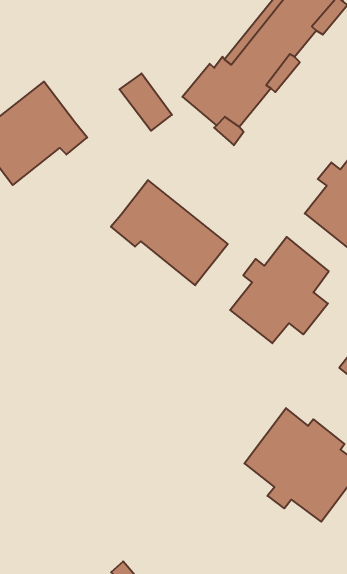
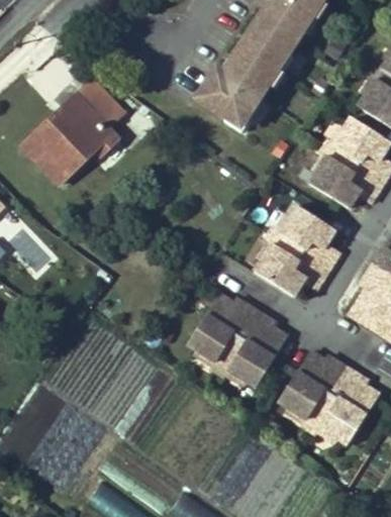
building: [119,73,172,131] -> [77,80,123,127]
building: [111,180,228,285] -> none
building: none -> [187,294,287,387]

